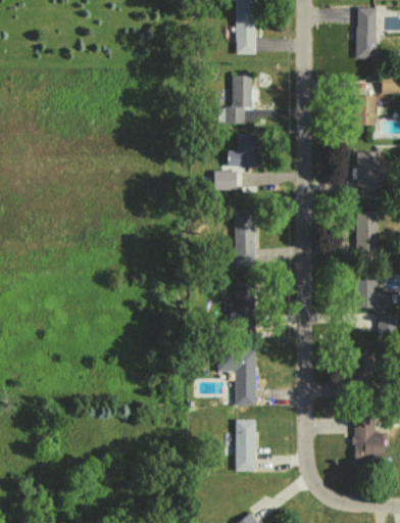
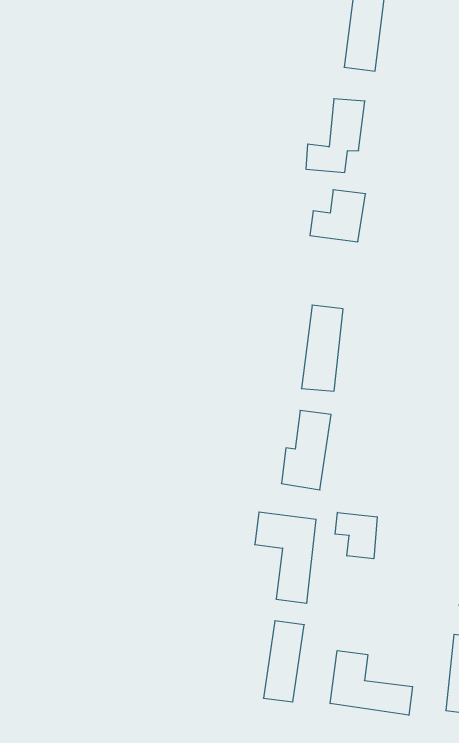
building: [214,171,237,190] -> none
building: none -> [335,512,377,559]
building: none -> [330,651,413,715]

